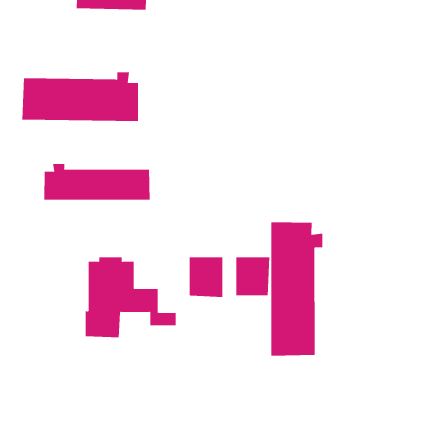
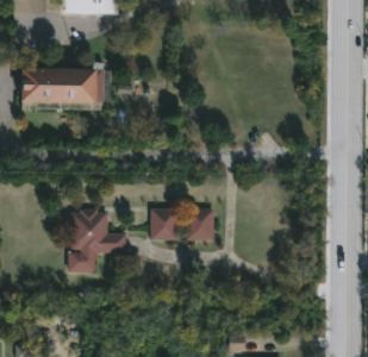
building: [44,163,150,200] -> none
building: [271,222,323,357] -> none

